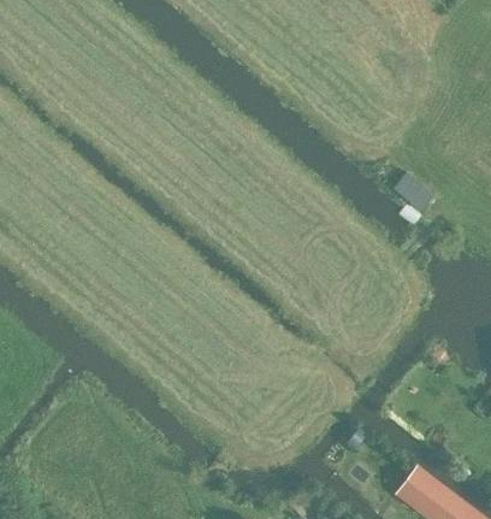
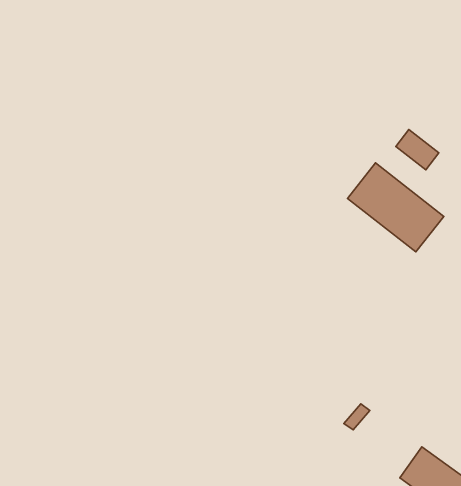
building: none -> [347,163,444,252]

